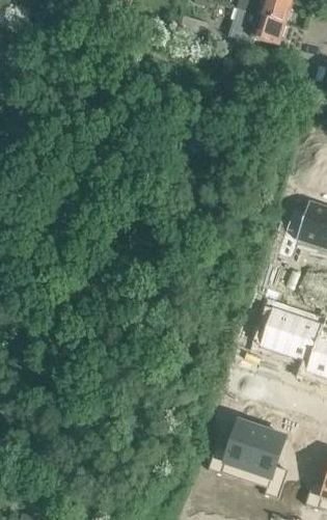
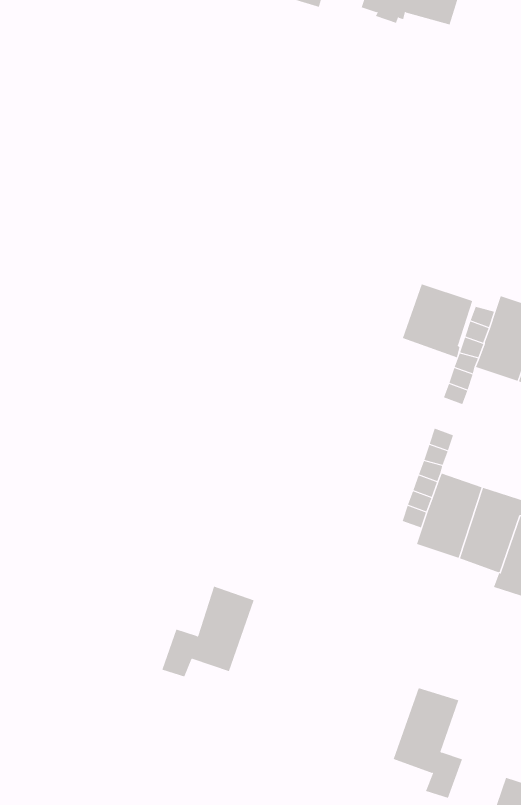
building: none -> [402,284,473,358]
building: [208,420,262,473] -> [162,586,255,677]

